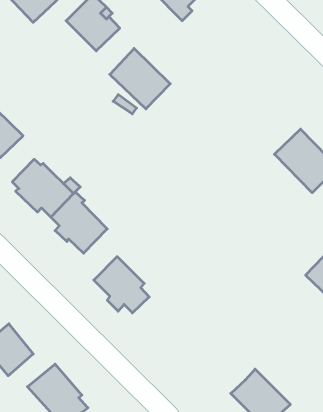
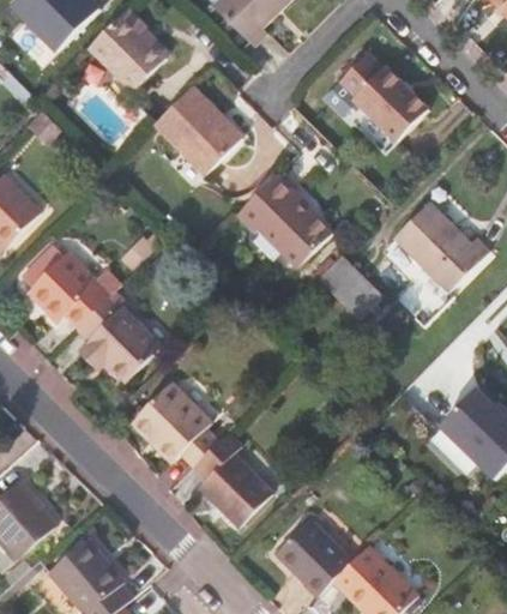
building: none -> [350,55,430,142]
building: none -> [241,173,334,266]
building: none -> [319,254,381,315]
building: none -> [191,434,270,528]
building: none -> [276,519,351,596]

